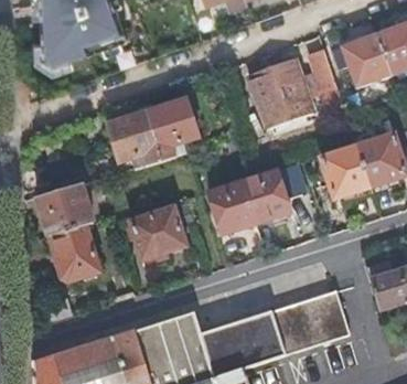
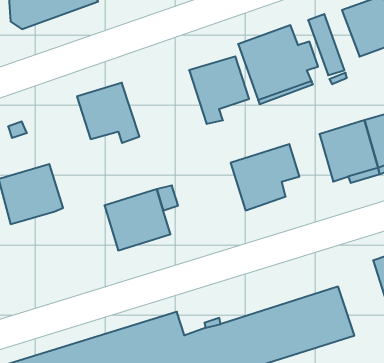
building: [144,98,197,158] -> [189,56,249,124]
building: [206,181,254,234] -> none
building: [46,224,98,281] -> none

